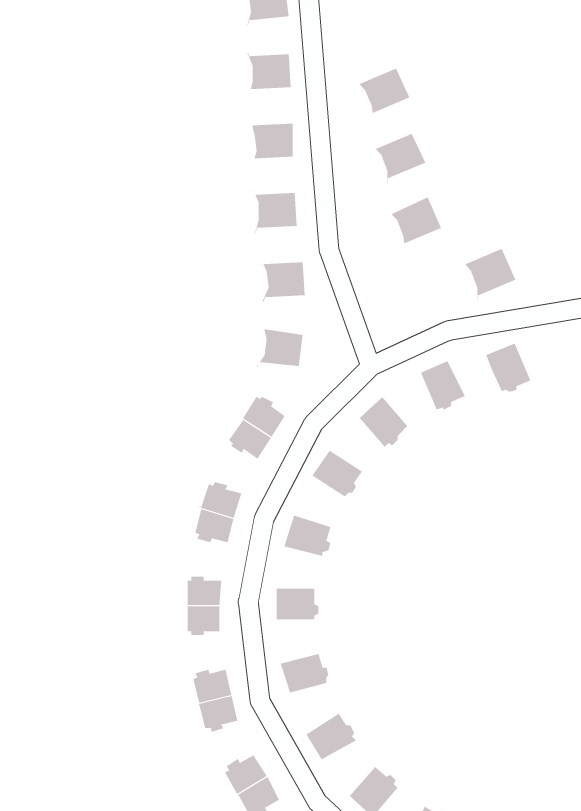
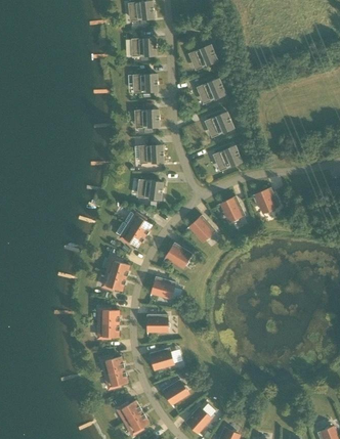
building: [461,248,516,302] -> [212,146,241,174]

